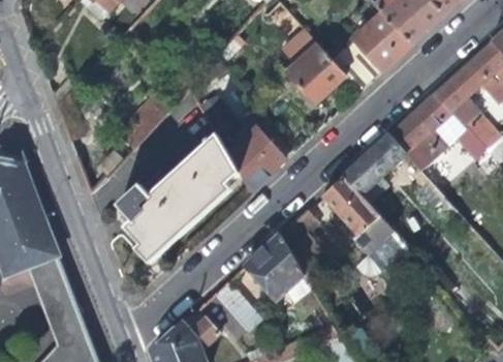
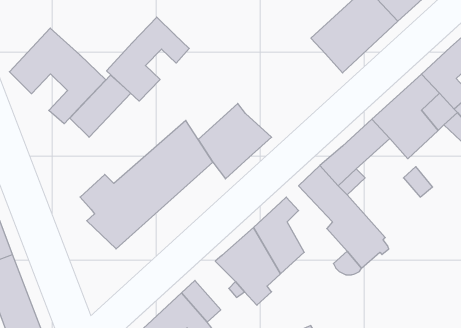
building: [287,37,345,104] -> none
building: none -> [107,17,189,101]
building: none -> [9,28,106,124]

